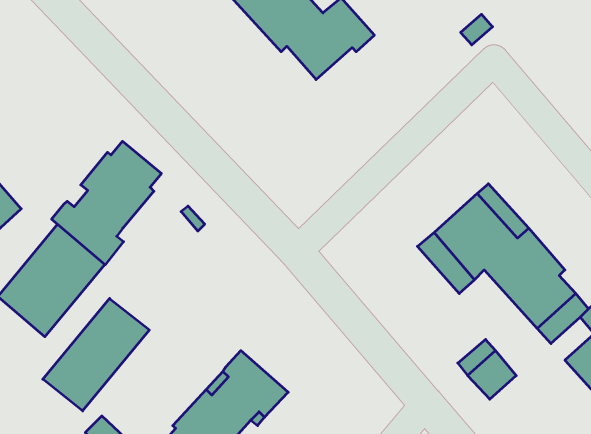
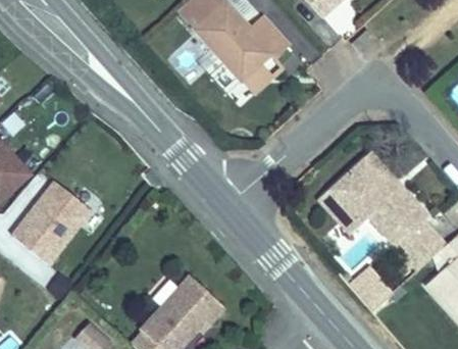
building: none -> [219,52,283,94]
building: [52,141,161,265] -> none
building: [43,298,149,411] -> none

